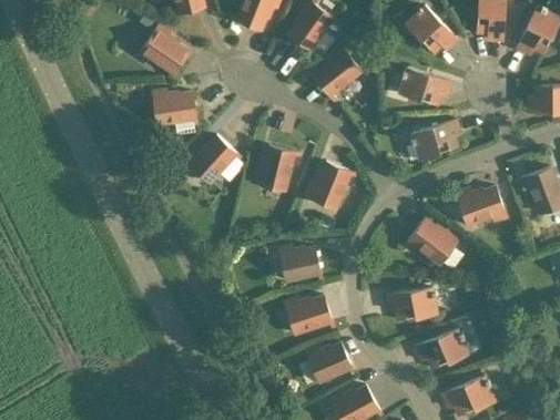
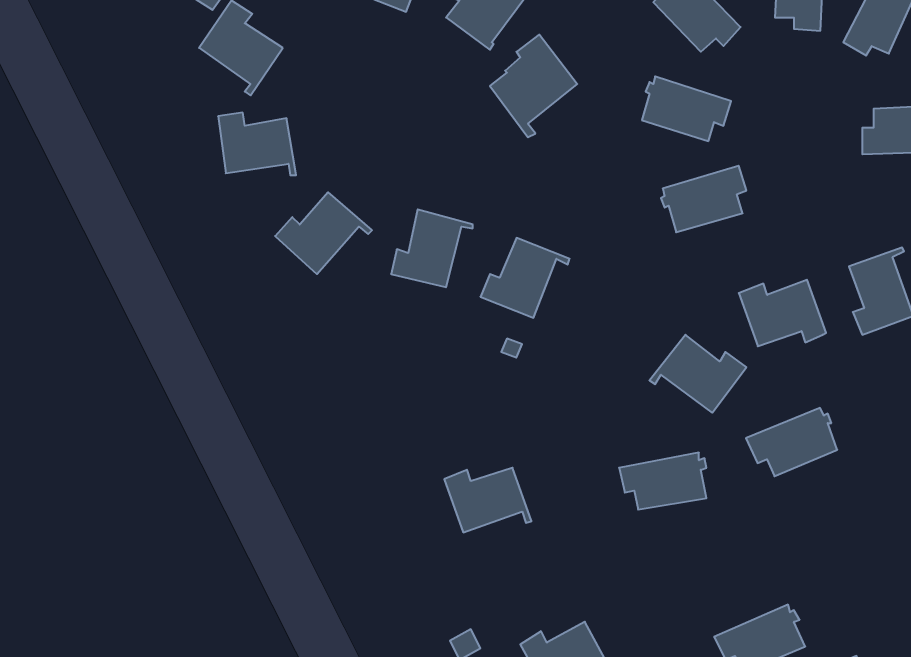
building: [278,248,323,284] -> none
building: [415,330,468,370] -> [746,408,837,476]
building: [302,344,355,385] -> none

